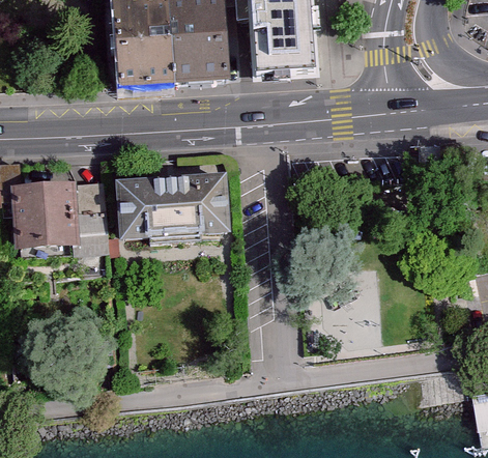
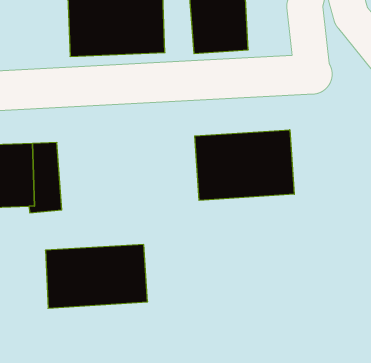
building: none -> [195,130,294,200]
building: [117,171,230,241] -> [45,245,148,308]

